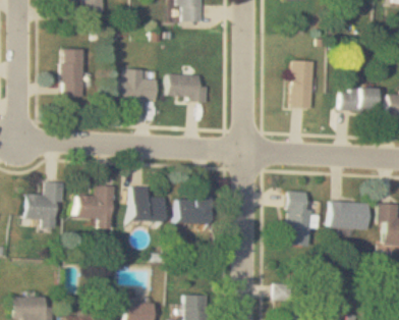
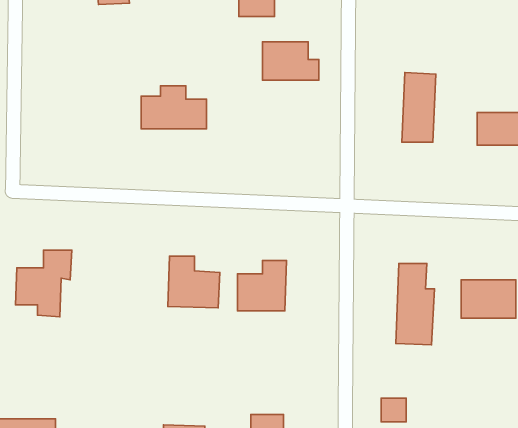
building: [61,48,83,96] -> none
building: [168,72,207,99] -> [262,42,319,80]
building: [76,184,113,228] -> none

